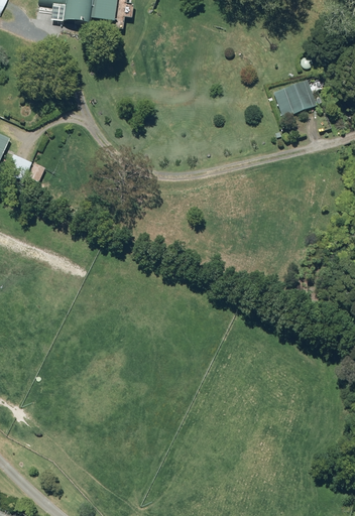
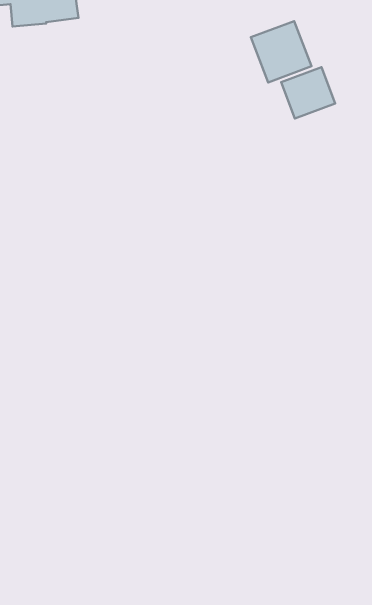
building: none -> [251,21,312,83]

